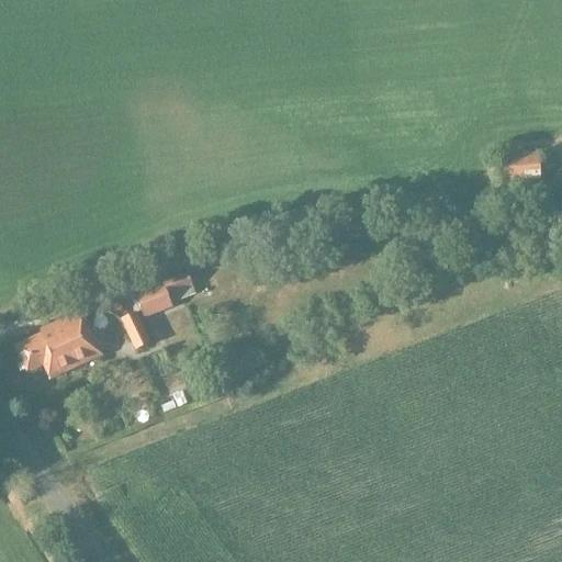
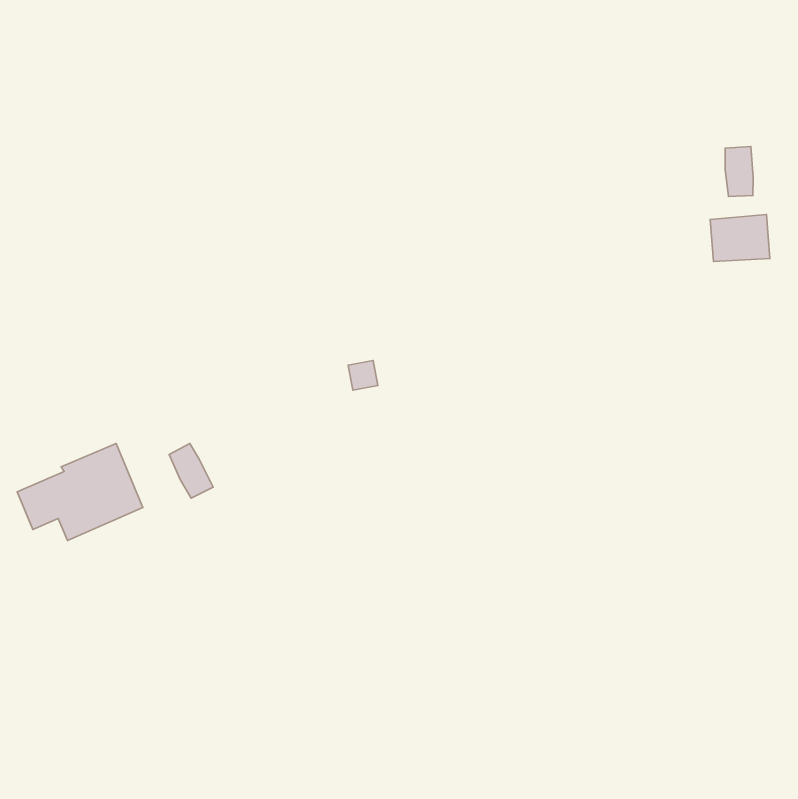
building: none -> [725,146,753,196]
building: [135,271,195,318] -> none

